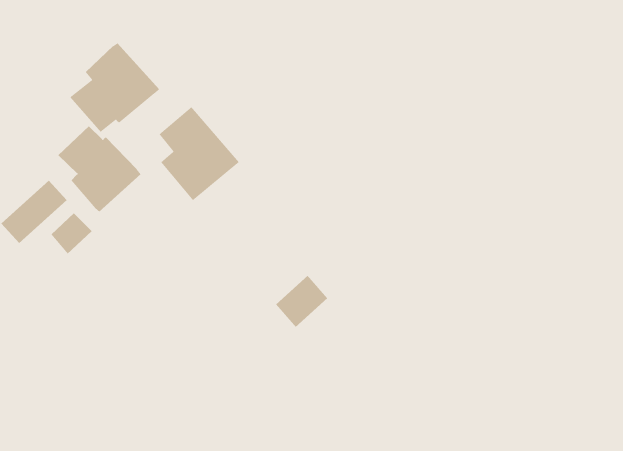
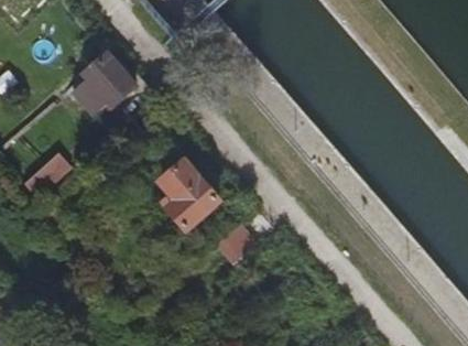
building: [159,106,240,201] -> [162,161,219,228]
building: [57,125,142,212] -> none

